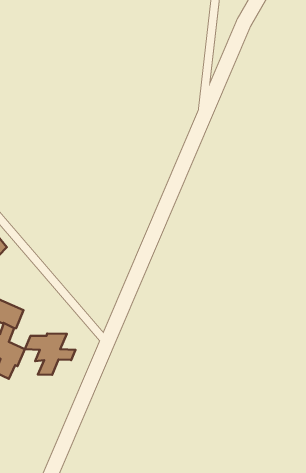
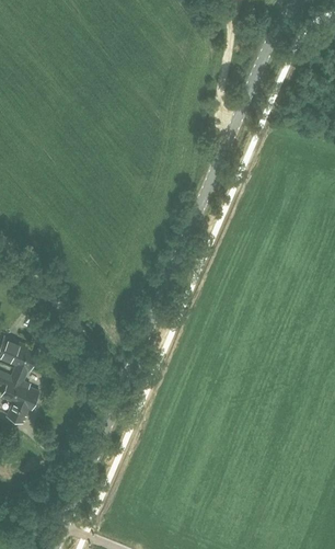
building: [25,334,75,375] -> none

